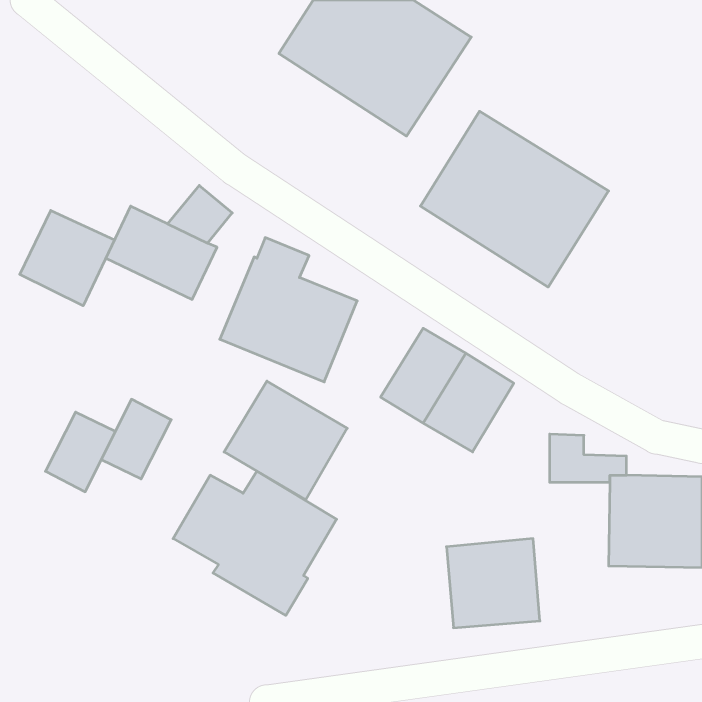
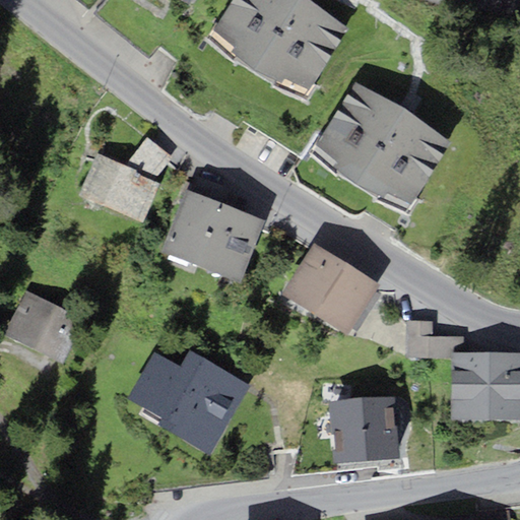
building: [20,210,114,306] -> none
building: [224,381,347,500] -> none
building: [101,399,171,479] -> [4,289,56,348]

